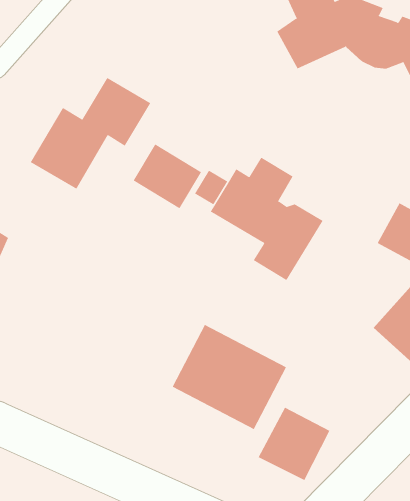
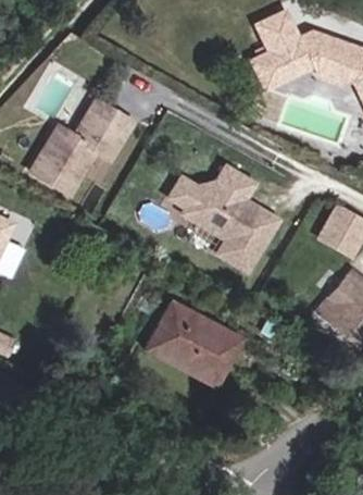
building: [133,144,202,209] -> none
building: [258,407,330,481] -> none

